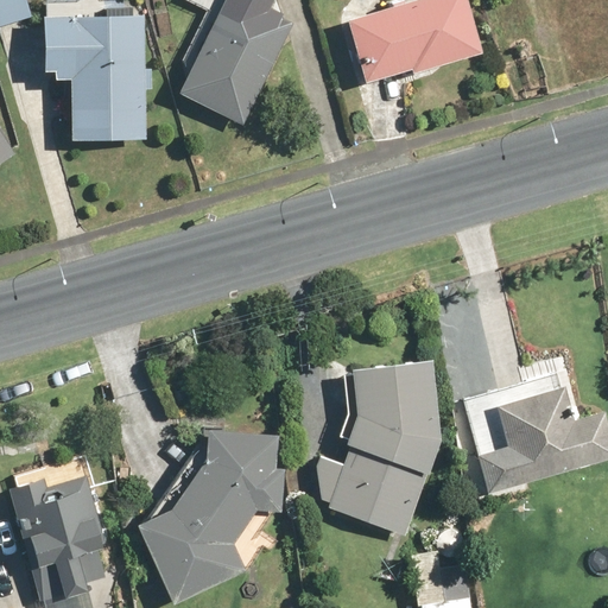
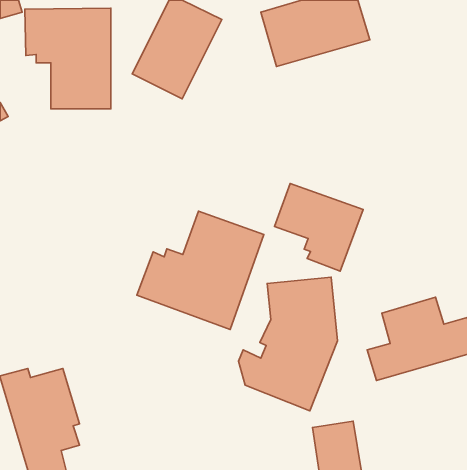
building: none -> [275,183,363,271]
building: none -> [137,211,264,329]
building: [138,426,290,598] -> none

